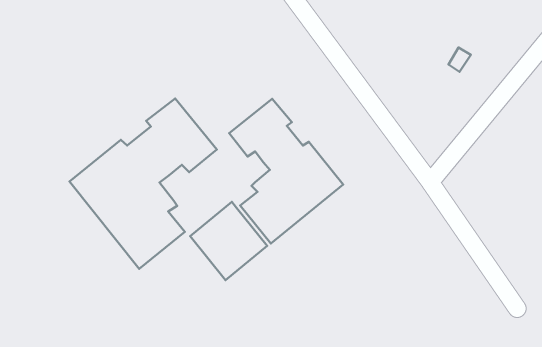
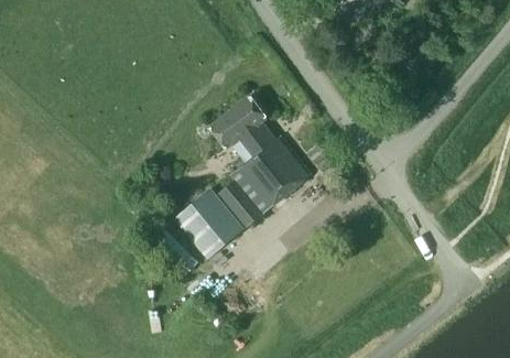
building: [69,99,217,269] -> none

